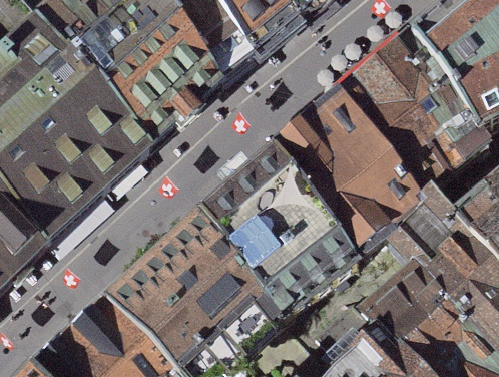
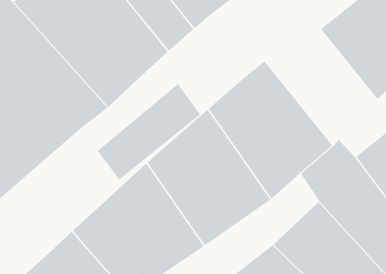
building: [337,42,477,199] -> none
building: none -> [97,83,201,180]

